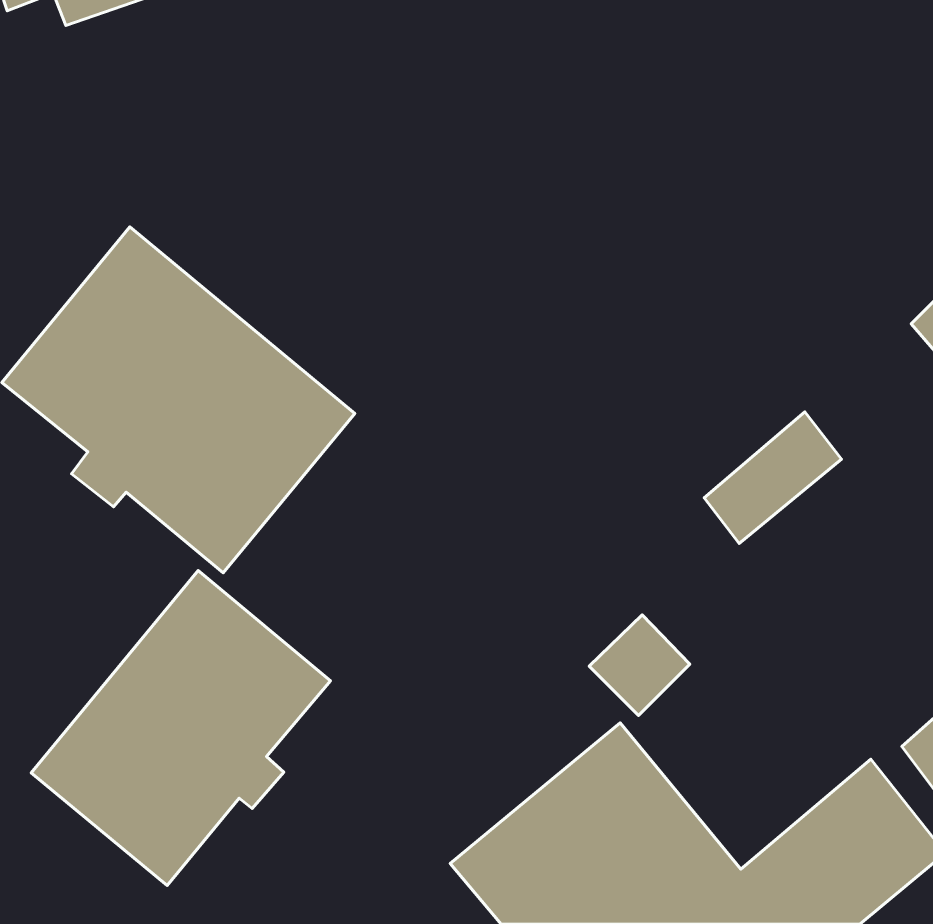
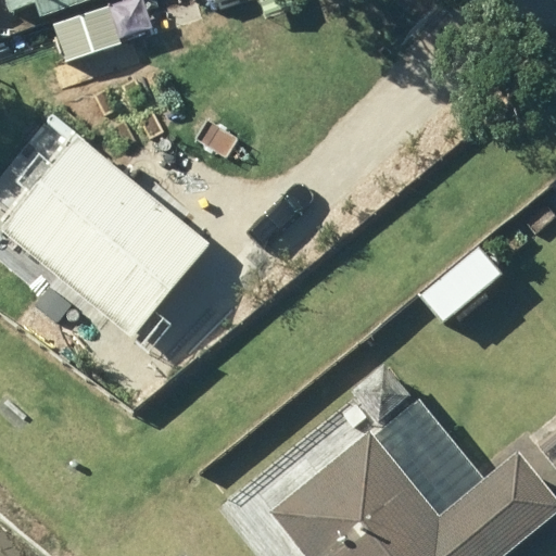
building: [31,571,331,885] -> none

